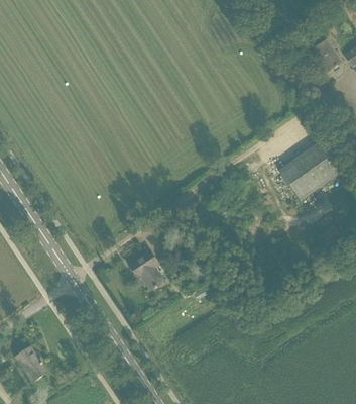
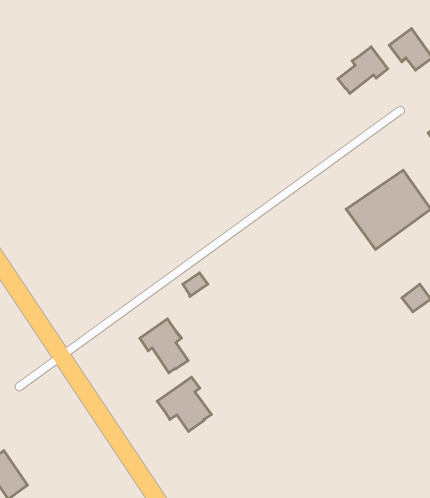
building: none -> [338,47,388,93]
building: none -> [157,377,212,431]

